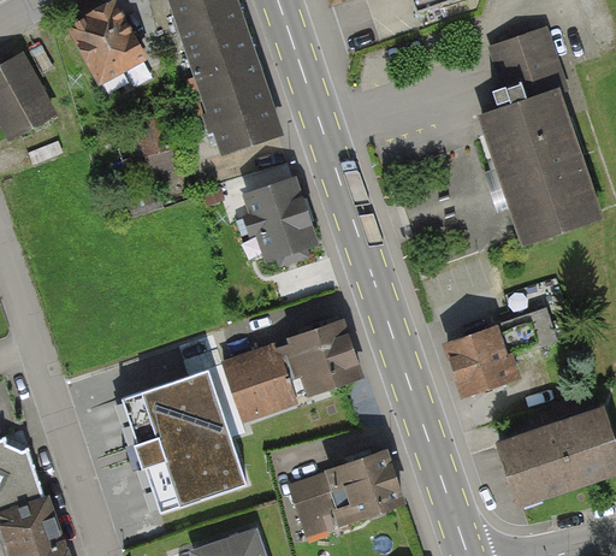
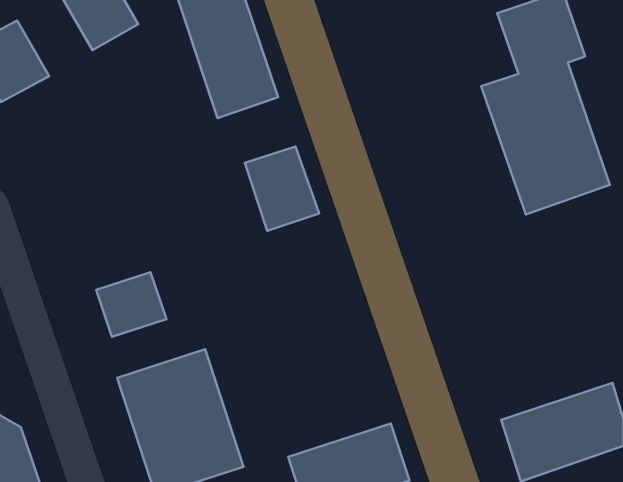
building: none -> [96,272,166,337]
building: [444,310,555,395] -> none
building: [223,319,363,422] -> none

